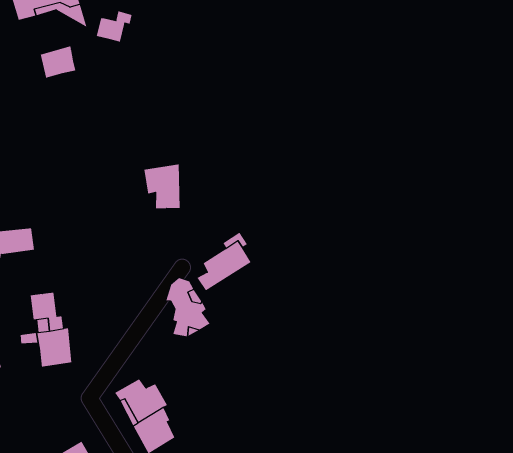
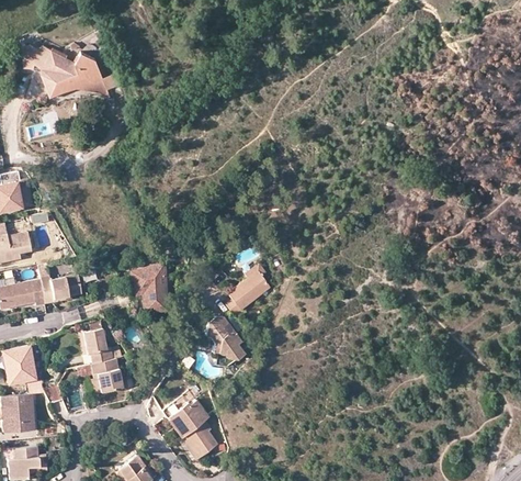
building: [96,11,132,42] -> none
building: [40,46,76,79] -> none
building: [143,164,181,209] -> [132,265,167,305]

